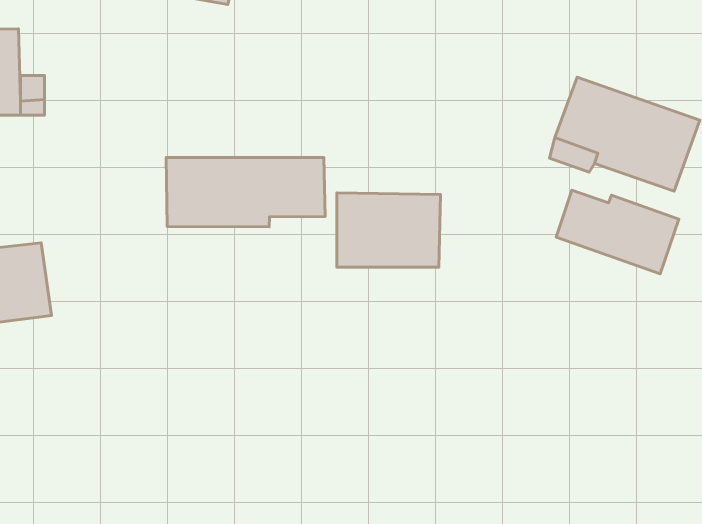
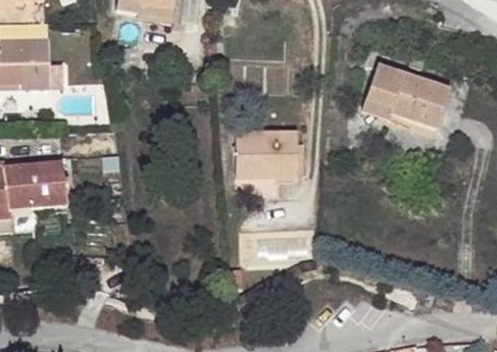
building: [166,158,325,227] -> none
building: [556,190,679,274] -> none

